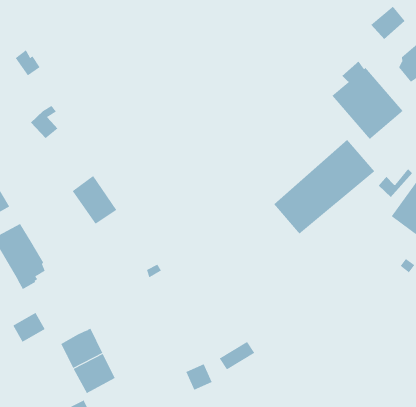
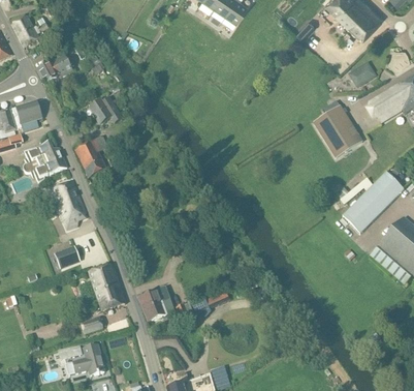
building: [273,139,375,235] -> none
building: [72,175,117,225] -> [75,139,106,175]
building: none -> [138,289,174,320]

